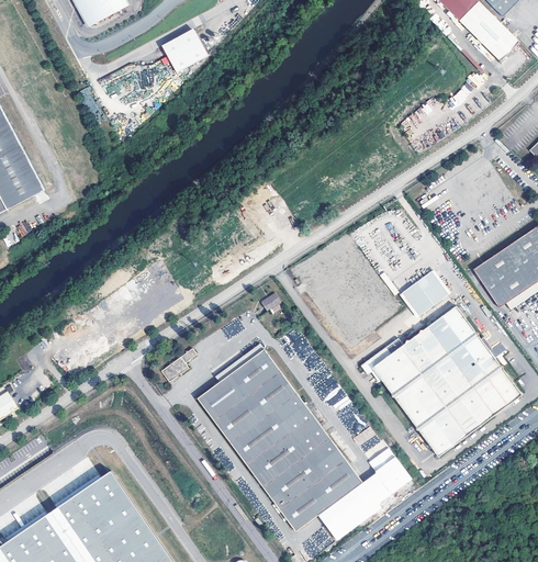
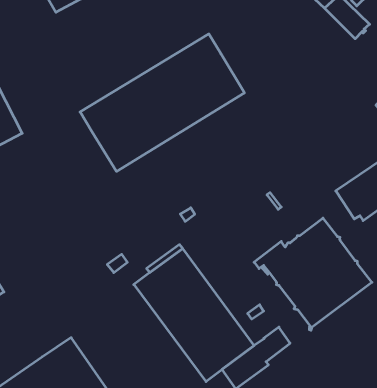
building: [162,30,206,71] -> none
building: none -> [80,34,244,171]
building: [402,271,447,316] -> none

